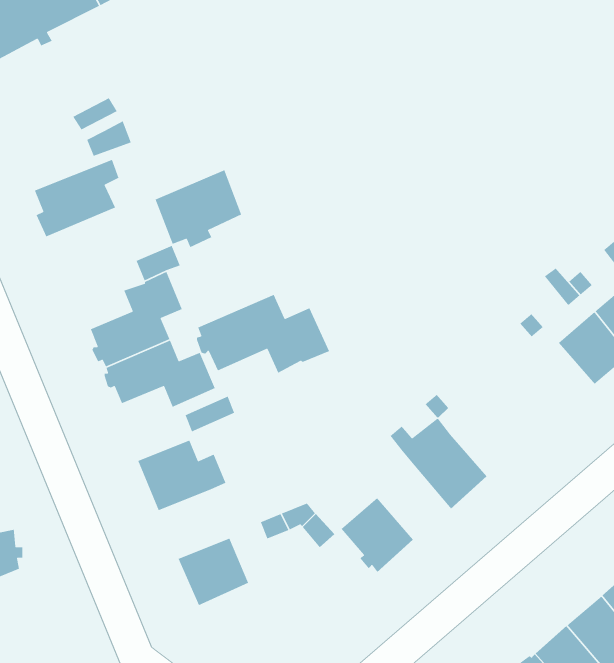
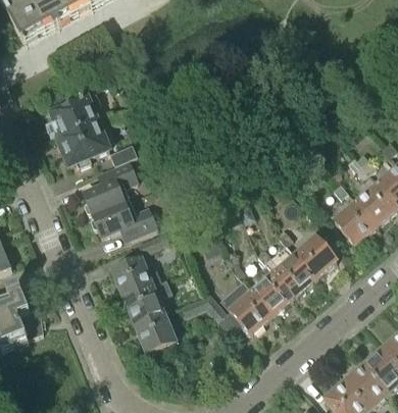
building: [155,169,242,248] -> [57,121,108,167]
building: [196,294,330,374] -> none
building: none -> [333,200,377,244]
building: none -> [293,235,336,277]
building: none -> [250,271,293,314]
building: none -> [122,286,164,325]

